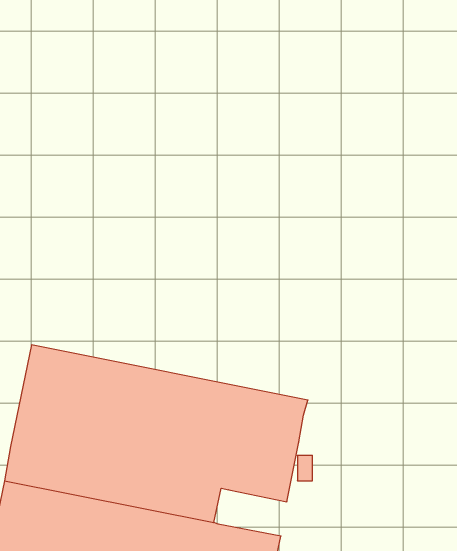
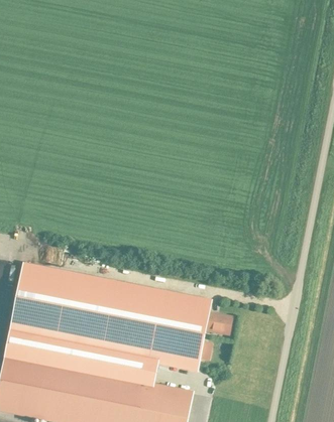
building: none -> [204,310,231,333]

